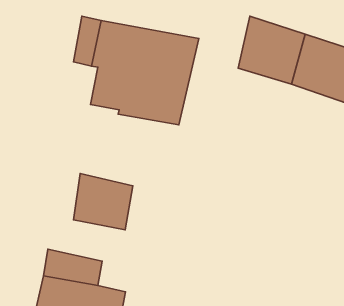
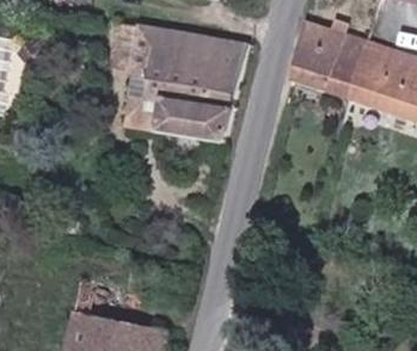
building: [74,173,133,230] -> none

